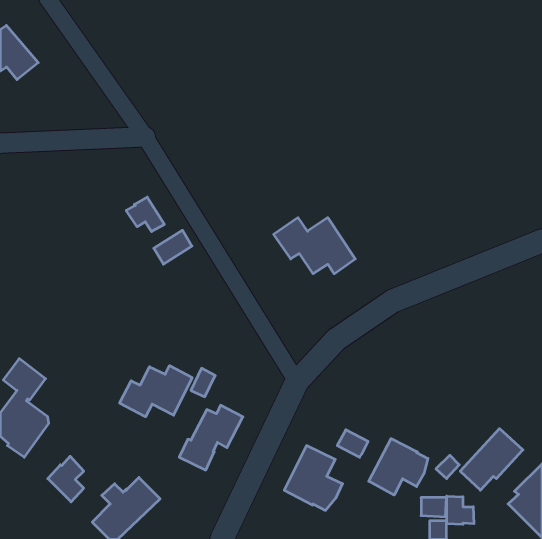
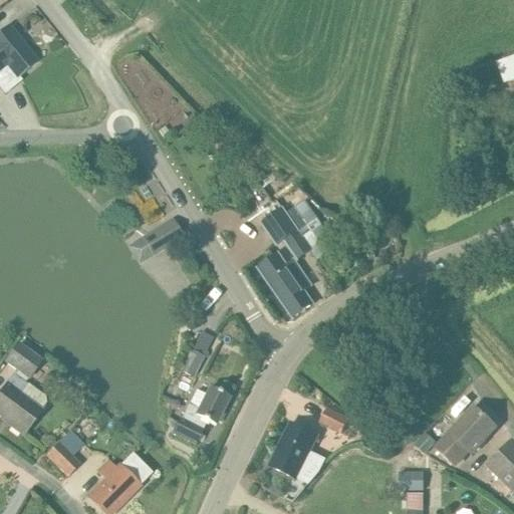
building: [126,197,164,232] -> none
building: none -> [258,252,312,316]
building: [120,366,192,417] -> none
building: [369,439,428,495] -> none
building: [447,496,474,524] -> none

